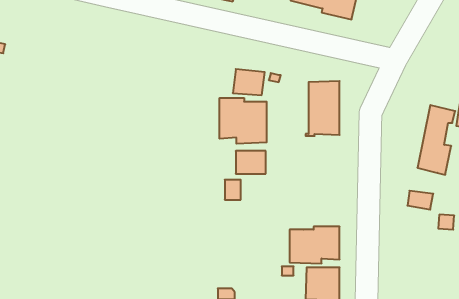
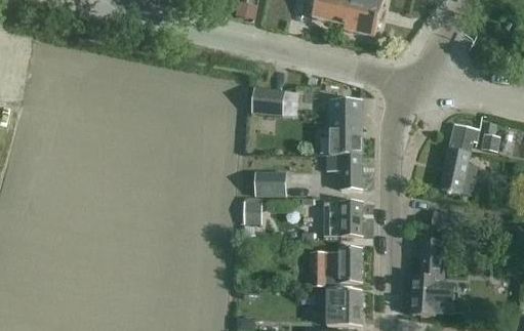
building: [220,98,267,144] -> none
building: none -> [327,154,362,188]
building: none -> [323,203,363,237]
building: none -> [411,238,454,314]

